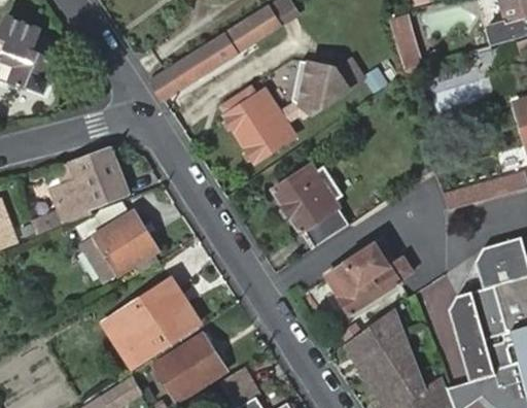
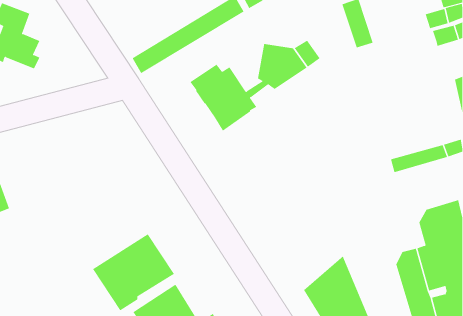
building: [50,148,132,228] -> none
building: [273,163,350,247] -> none
building: [82,212,156,281] -> none
building: [326,237,413,315] -> none

